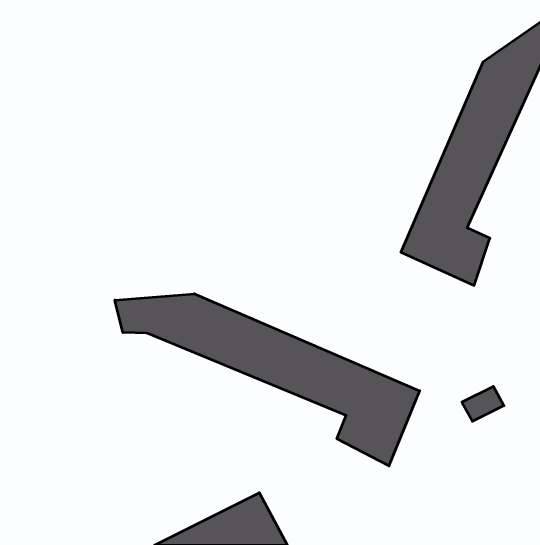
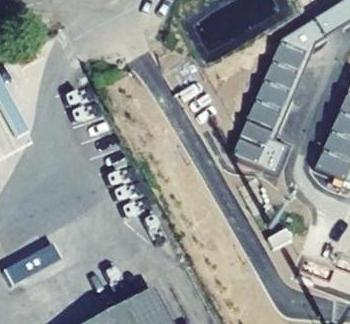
building: [115,294,420,466] -> none

